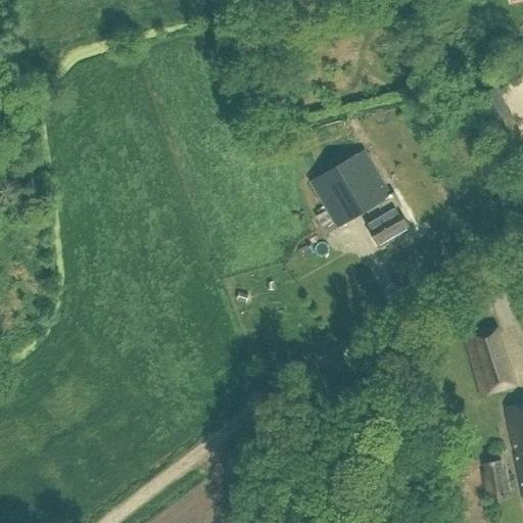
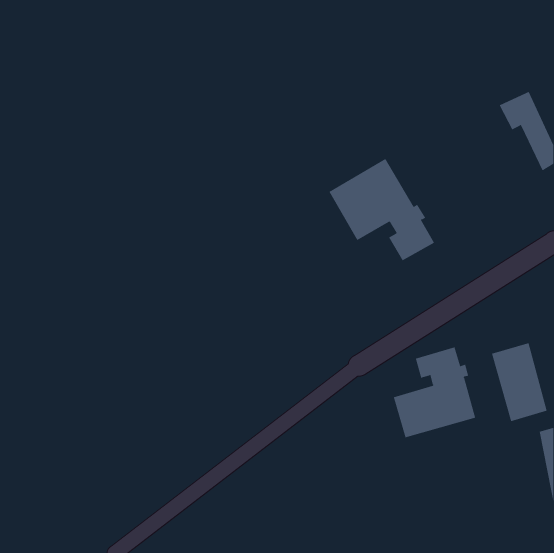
building: none -> [393,346,476,438]
building: [482,459,511,493] -> none

